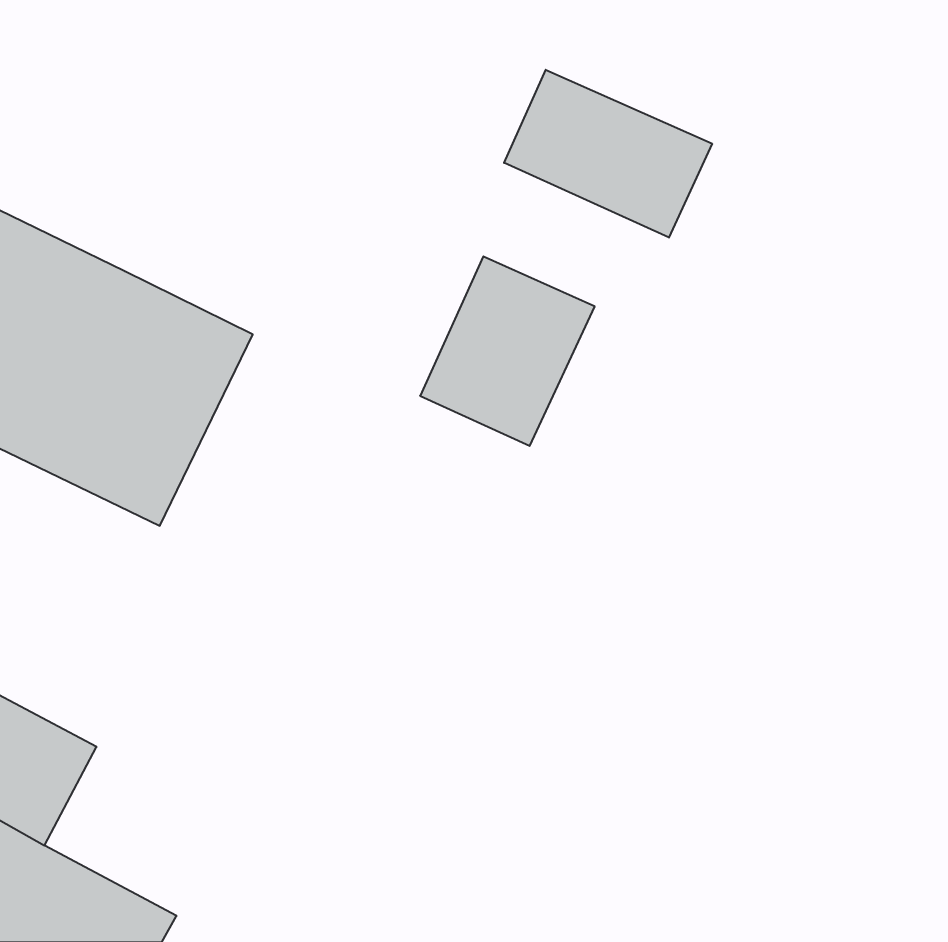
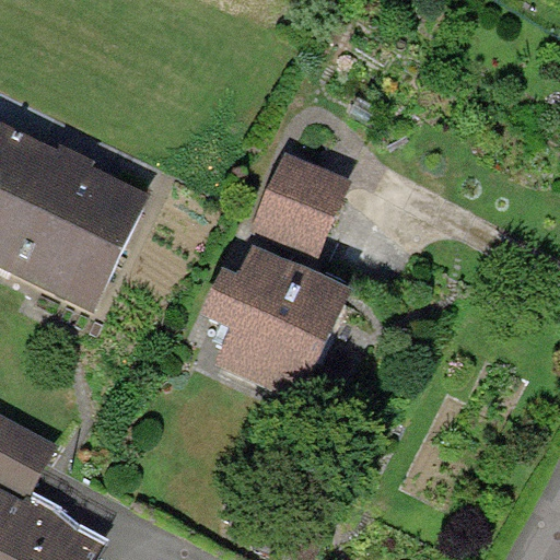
building: [504,70,712,238] -> none
building: none -> [202,245,350,402]

